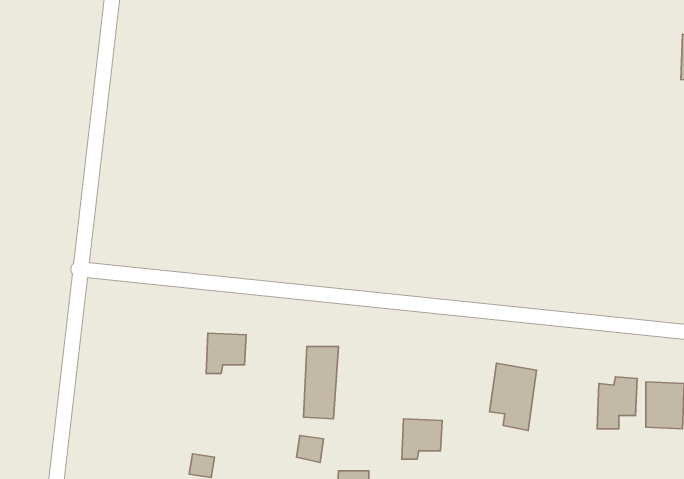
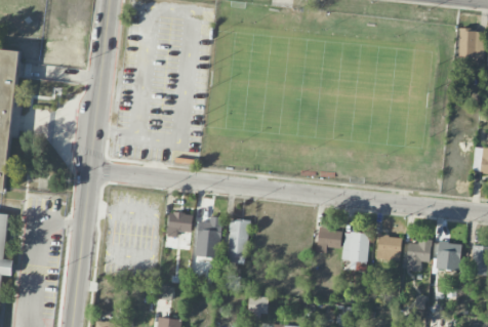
building: none -> [195,217,220,257]
building: none -> [375,236,401,261]
building: [402,419,442,459] -> [316,229,340,253]

